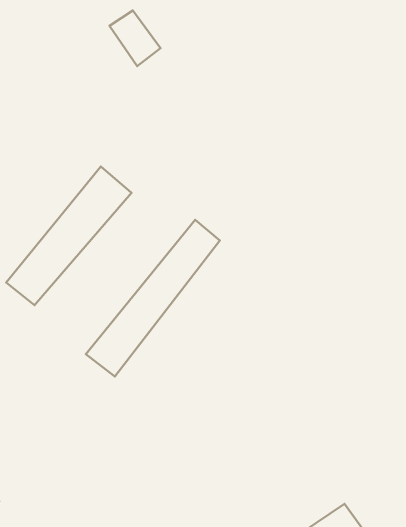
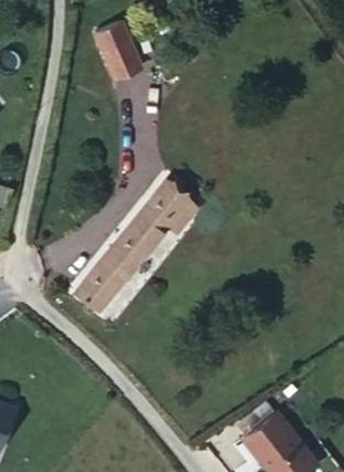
building: [6,166,131,305] -> none

